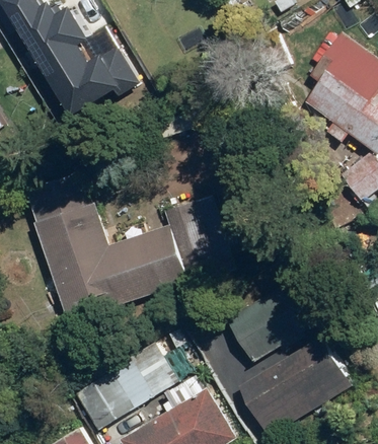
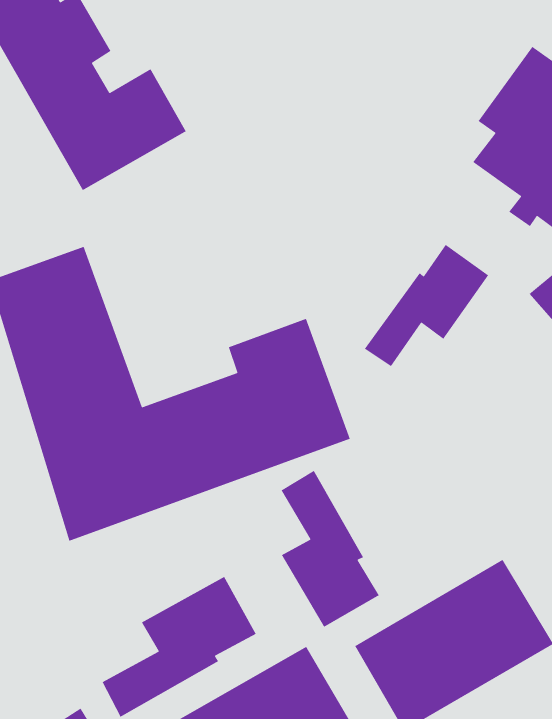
building: none -> [364,244,489,367]
building: none -> [281,470,380,628]

